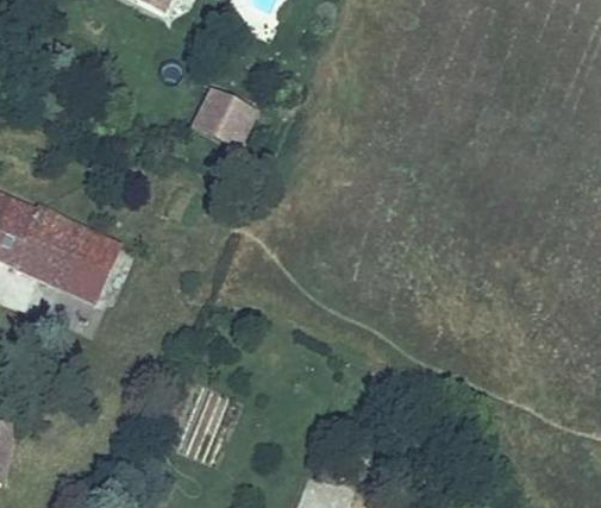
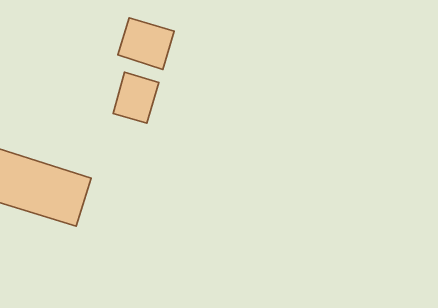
building: none -> [113,72,159,123]

